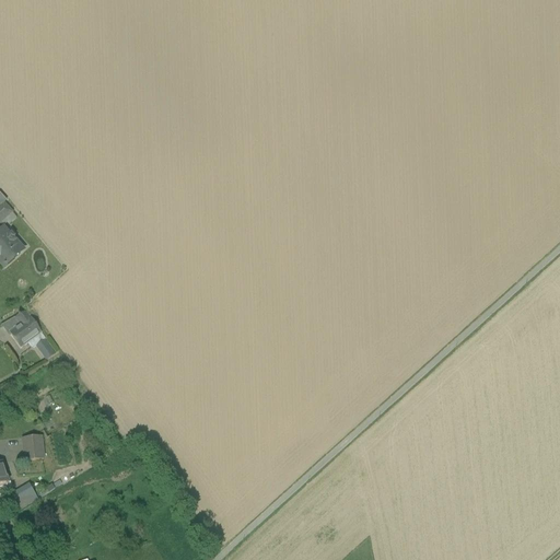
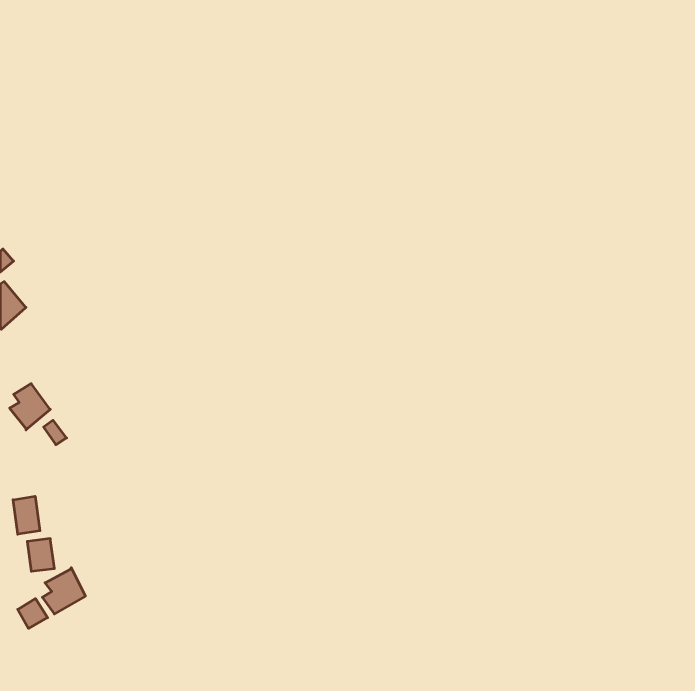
building: none -> [13,496,40,534]
building: none -> [42,568,85,614]

